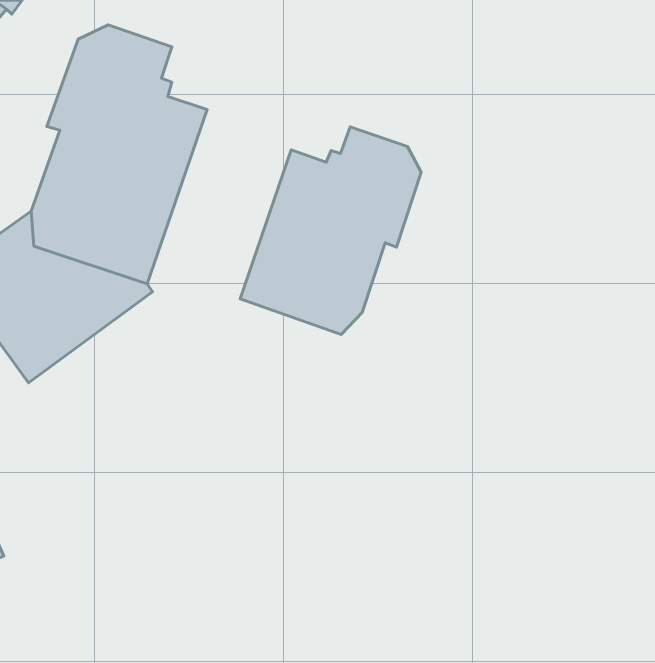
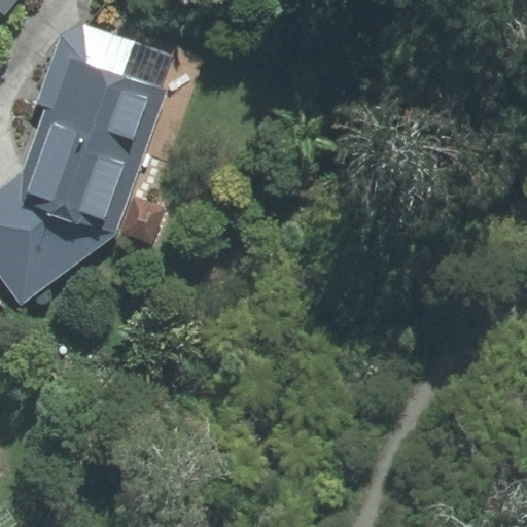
building: [240,127,421,335] -> none

